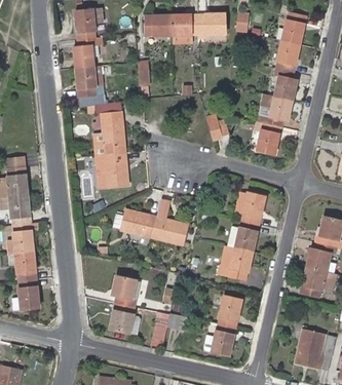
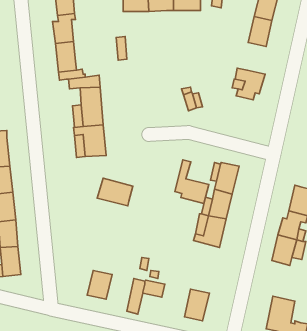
building: [274,67,297,100] -> none
building: [257,122,280,155] -> none
building: [152,198,187,243] -> [175,160,209,203]
building: [111,275,136,307] -> none
building: [216,294,241,326] -> none

